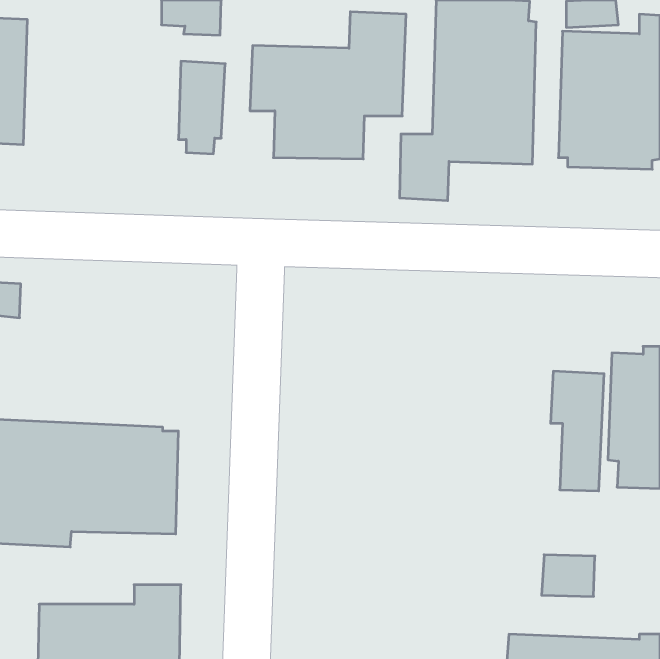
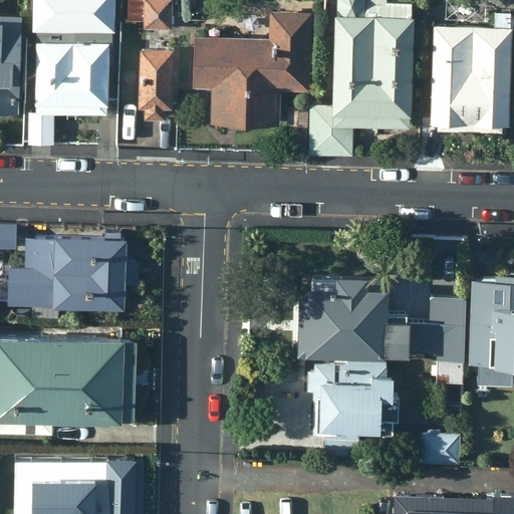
building: none -> [36,12,112,118]
building: none -> [7,232,138,306]
building: none -> [299,270,413,351]
building: none -> [307,356,400,436]

